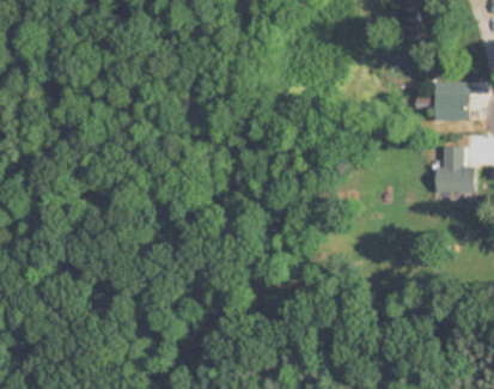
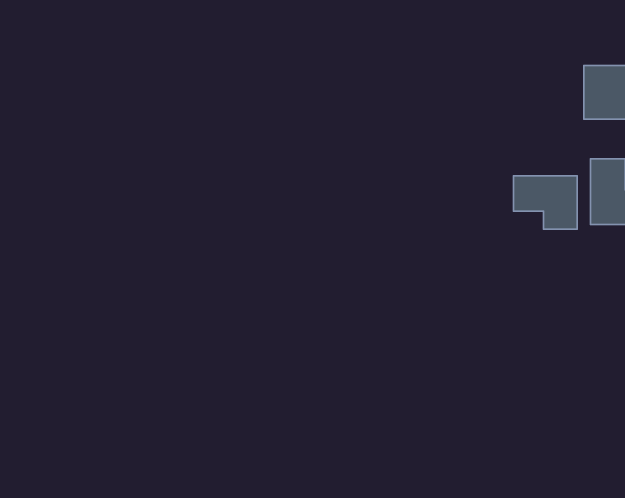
building: none -> [514,176,577,229]

